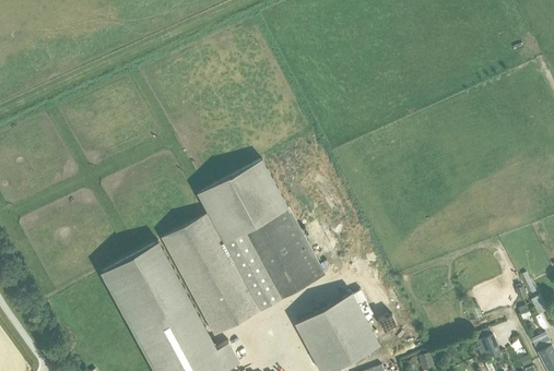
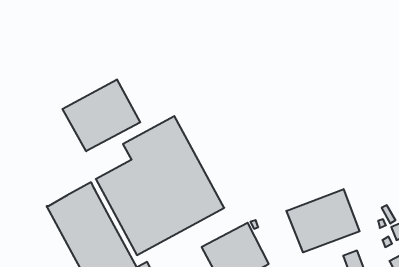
building: none -> [62,79,140,151]
building: none -> [286,189,360,252]

